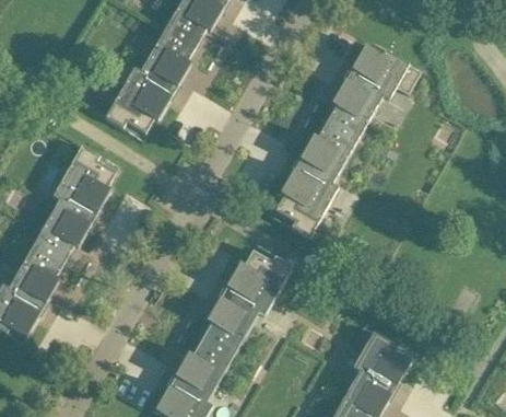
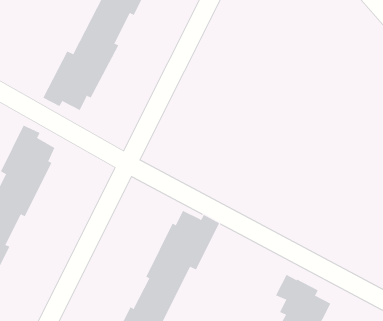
building: [273,47,420,239] -> none

